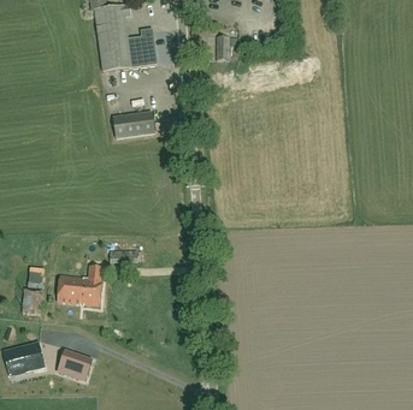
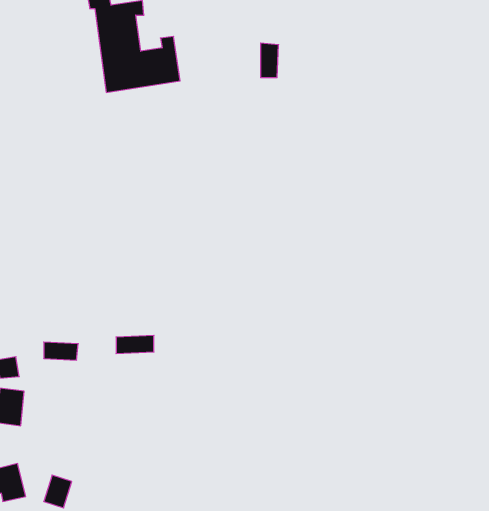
building: [116,111,157,138] -> none
building: [58,266,102,305] -> none

